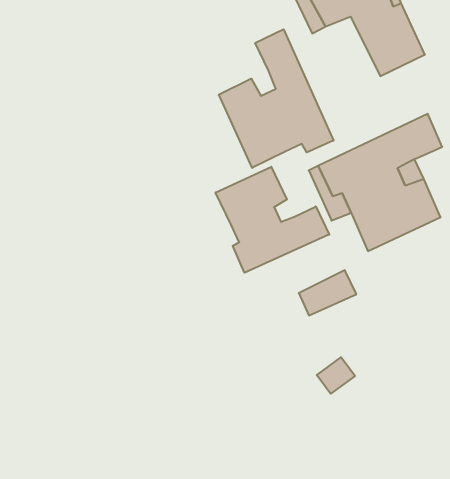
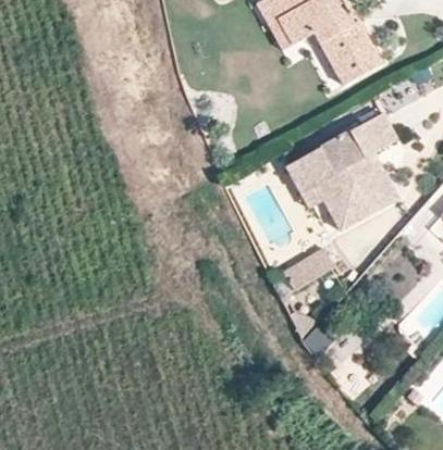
building: [219,29,334,168] -> none
building: [216,167,329,273] -> none

